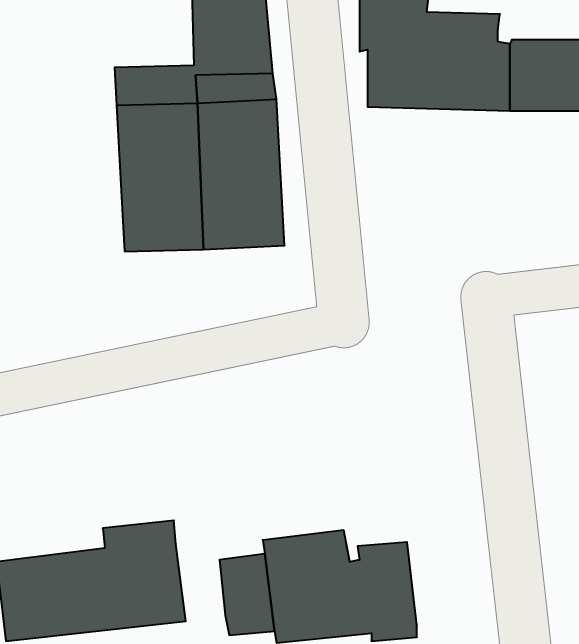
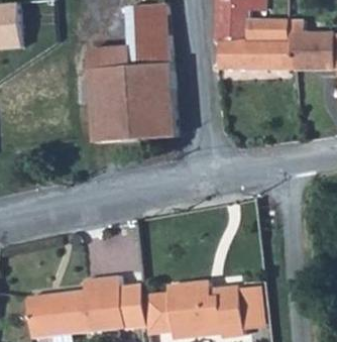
building: none -> [237,286,271,330]
building: none -> [119,287,144,328]

